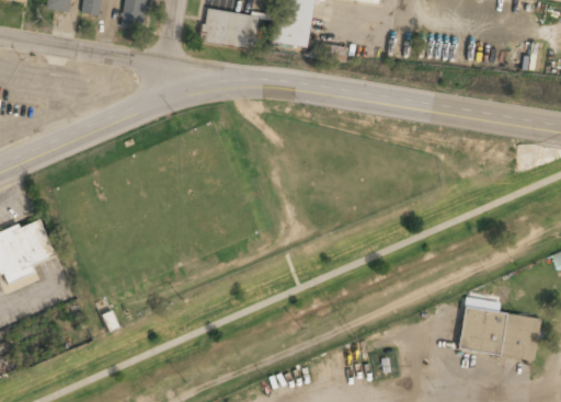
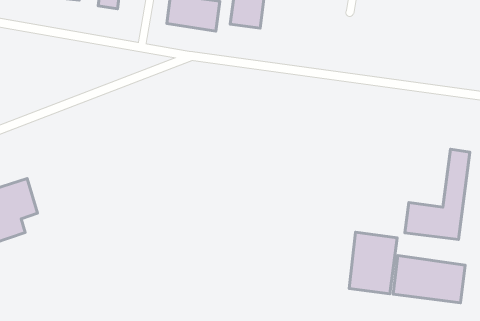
building: none -> [405,149,470,240]
building: none -> [349,232,397,294]

